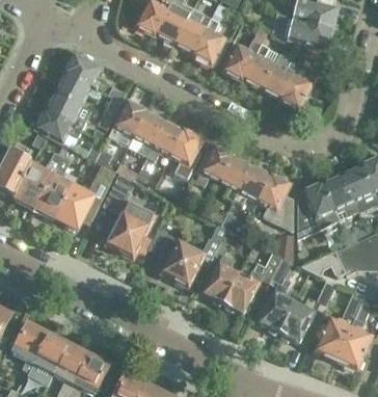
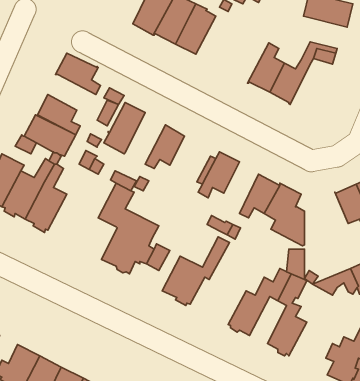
building: [192,18,226,64] -> none
building: [288,18,333,49] -> none
building: [222,27,267,80] -> none
building: [280,62,318,110] -> none
building: [56,72,101,104] -> none
building: [128,107,165,155] -> none
building: [164,127,204,197] -> none
building: [219,153,251,201] -> none
building: [297,181,334,238] -> none
building: [56,183,98,229] -> none
building: [202,236,240,303] -> none
building: [279,280,336,343] -> none

